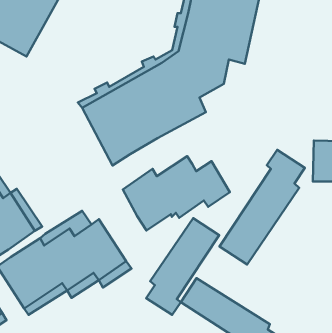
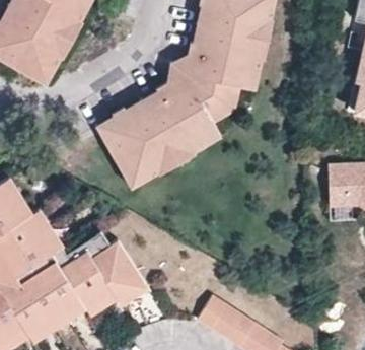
building: [220,150,305,264] -> none
building: [123,156,230,230] -> none
building: [146,218,219,315] -> none

